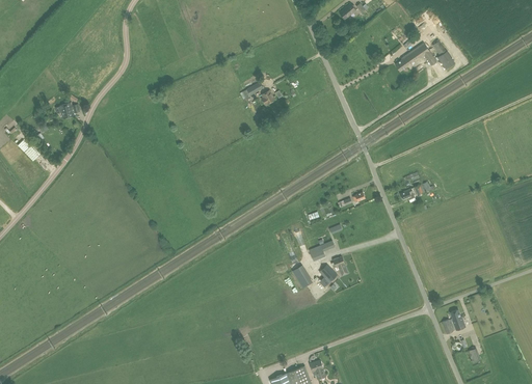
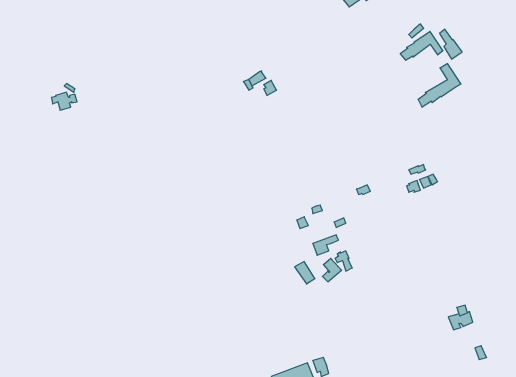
building: none -> [418,64,461,107]

